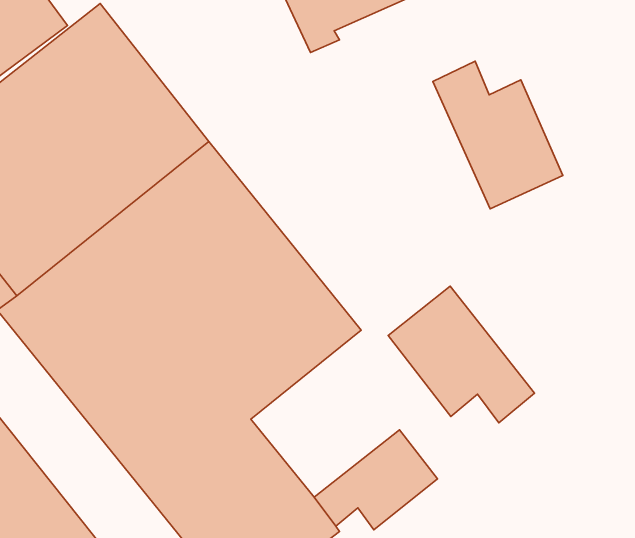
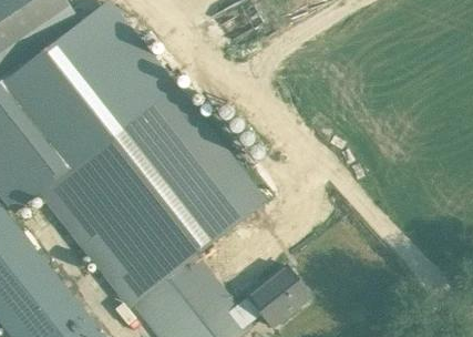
building: [433,61,563,209] -> none
building: [388,286,535,423] -> none

